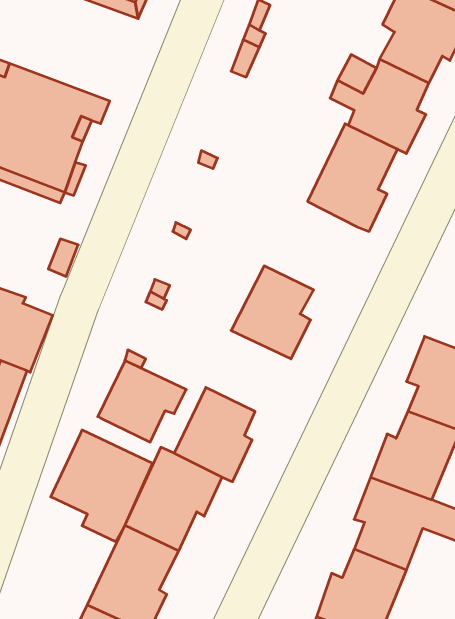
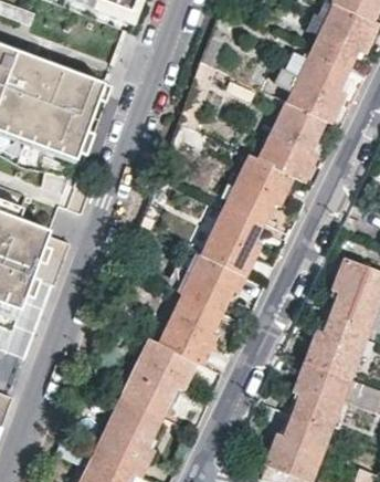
building: none -> [226,154,295,222]
building: [98,361,186,442] -> [181,252,246,312]
building: [51,430,153,542] -> none

